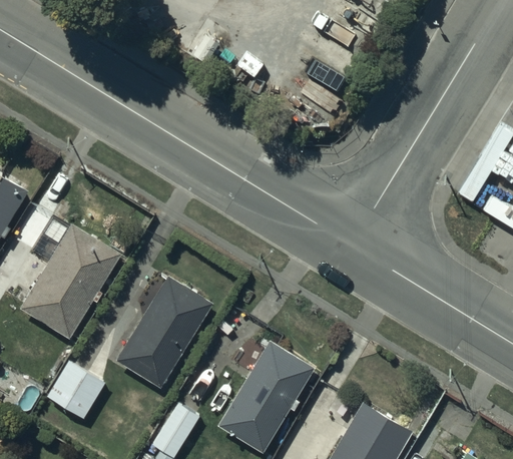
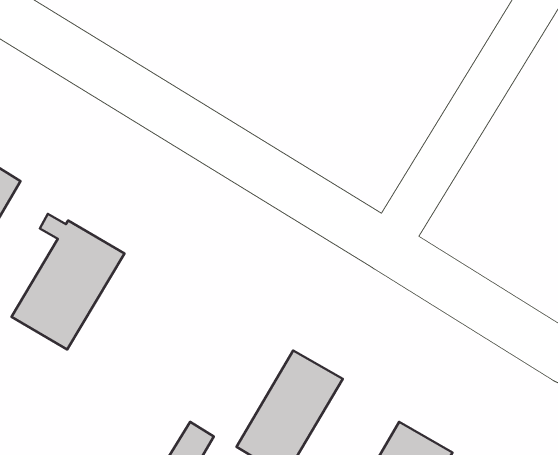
building: [116,276,213,388] -> none
building: [46,363,104,420] -> none

